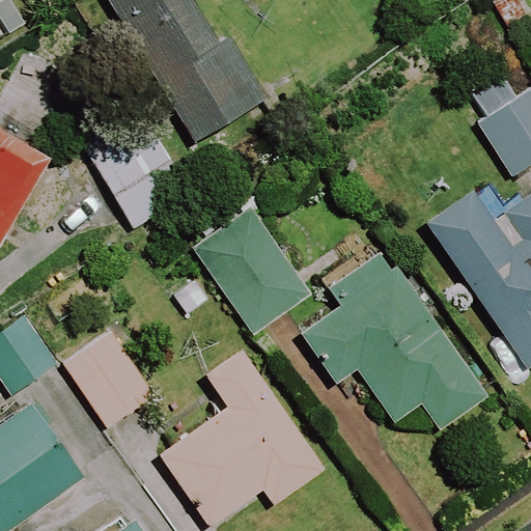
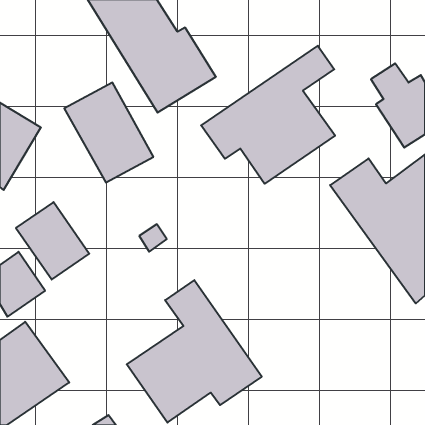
building: none -> [201,46,335,184]
building: [192,204,312,334] -> none
building: [300,263,490,429] -> none
building: [62,330,153,426] -> [16,202,89,280]

